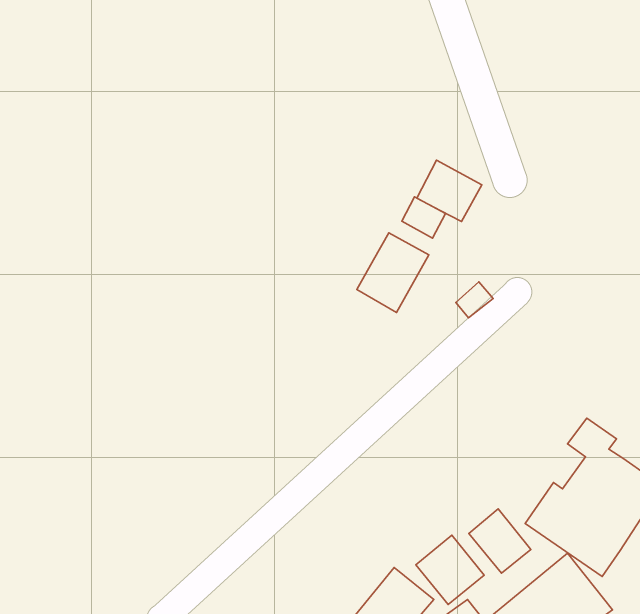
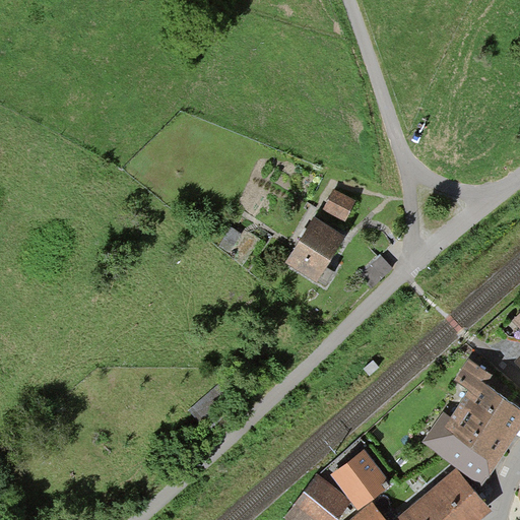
building: [417,160,482,222] -> none
building: [469,509,531,573] -> none

